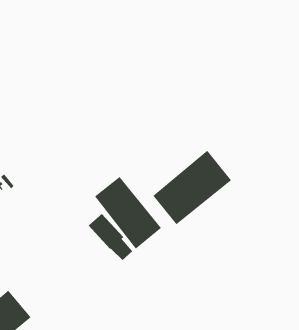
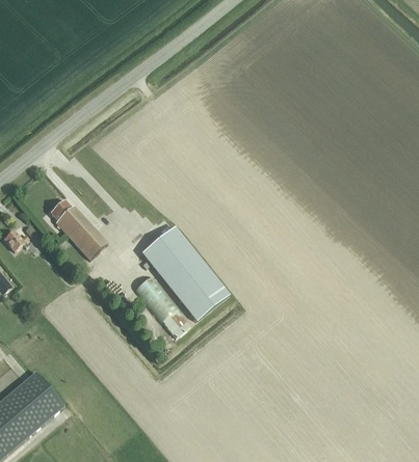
building: [153,150,232,225] -> none
building: none -> [51,200,108,260]

